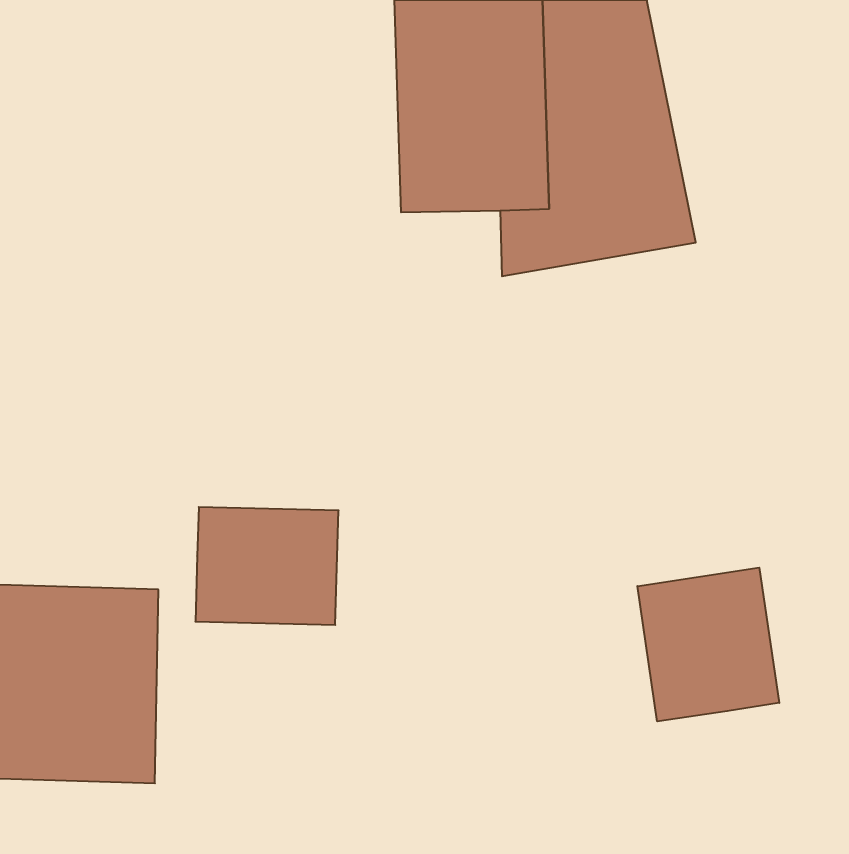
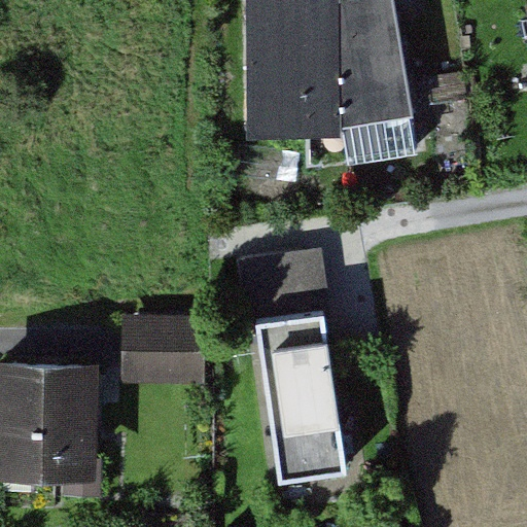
building: none -> [242,250,349,485]
building: [637,568,779,721] -> none

